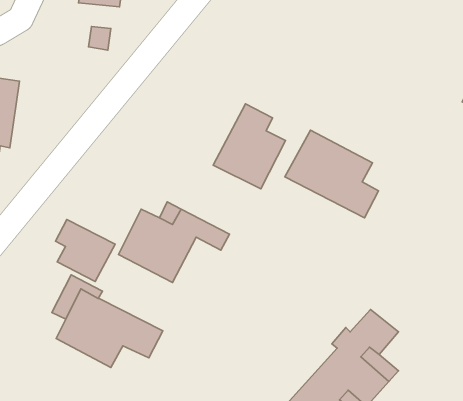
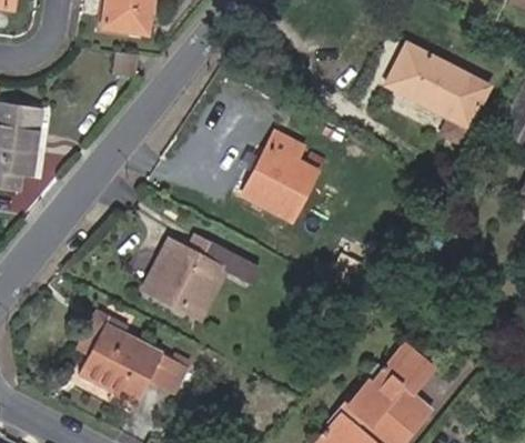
building: none -> [387,43,488,142]
building: [285,130,379,218] -> none
building: [56,220,115,282] -> none

